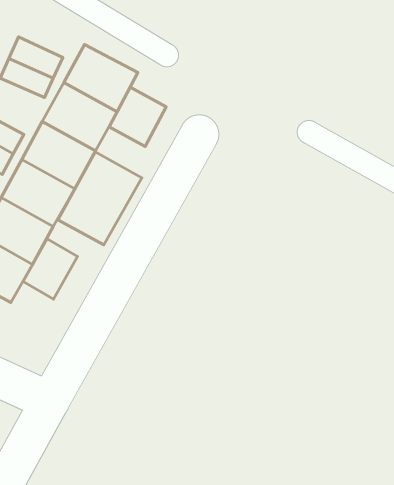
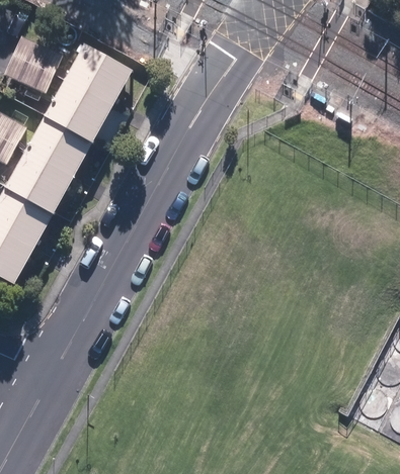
building: [109,87,166,146] -> none
building: [58,152,142,245] -> none
building: [23,239,77,299] -> none

